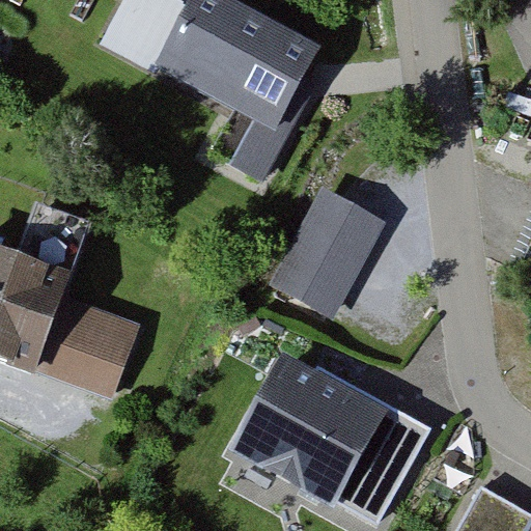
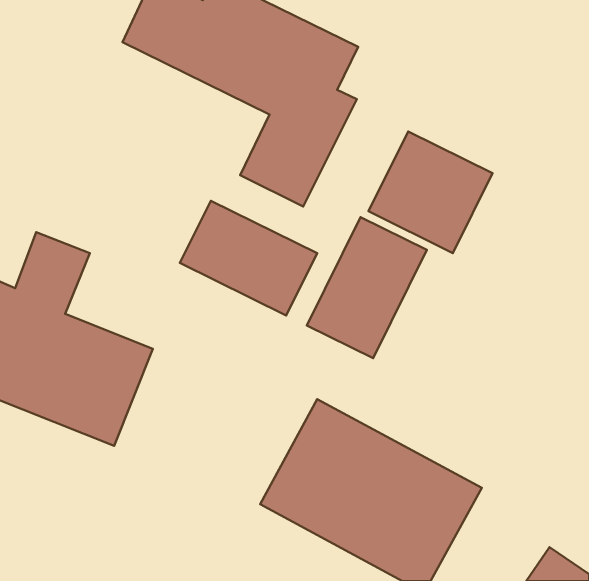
building: none -> [368,131,493,253]
building: none -> [180,201,317,316]

